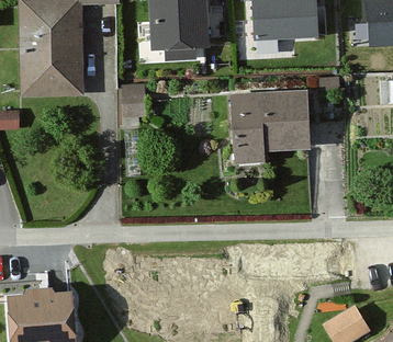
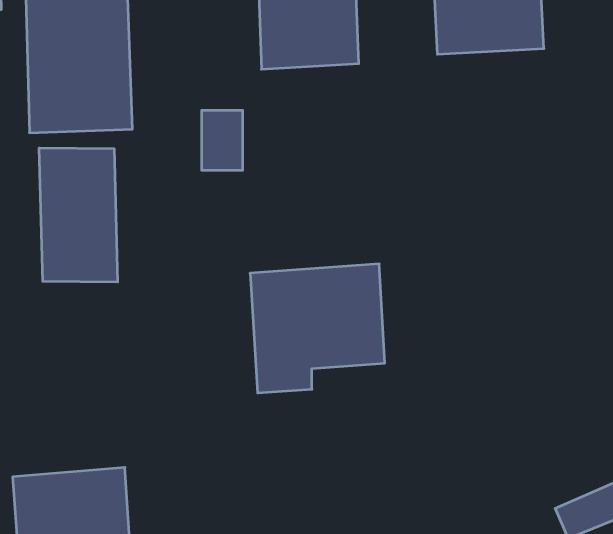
building: [221,89,300,164] -> [250,264,385,393]
building: none -> [39,148,118,282]

